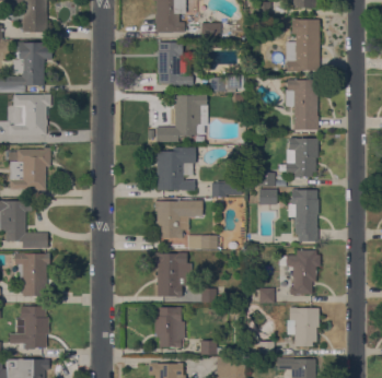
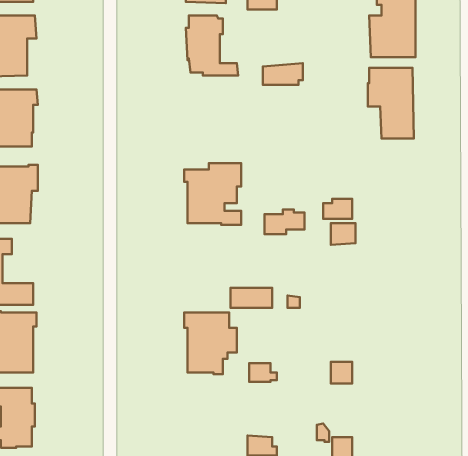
building: [154,95,208,143] -> none
building: [285,139,317,177] -> none
building: [288,189,319,241] -> none
building: [154,201,201,239] -> none
building: [279,250,320,295] -> none
building: [154,308,184,349] -> none
building: [287,308,319,347] -> none

